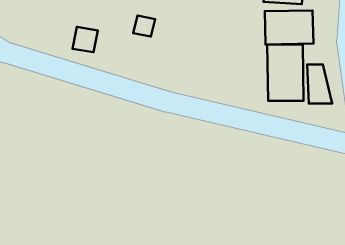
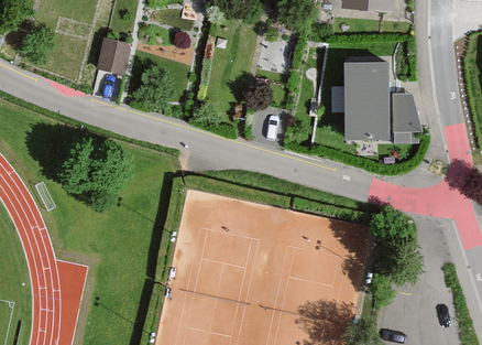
building: [265,11,313,44] -> none

